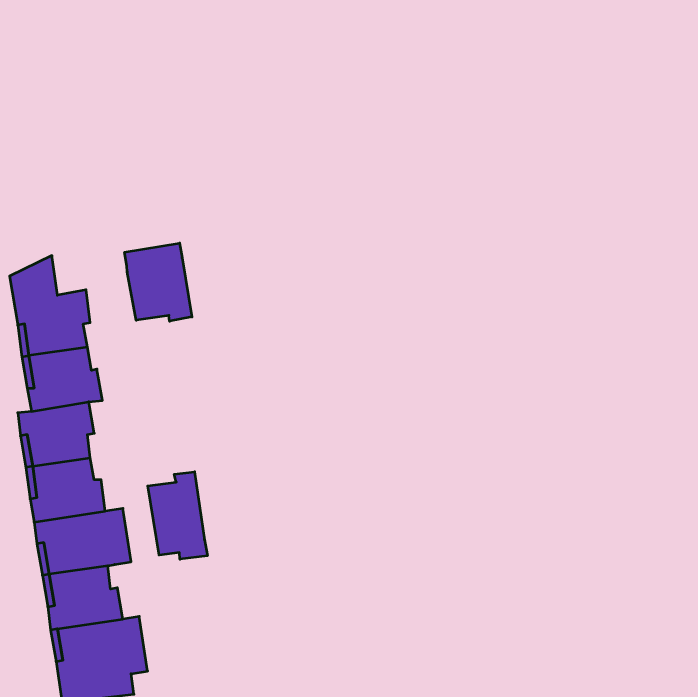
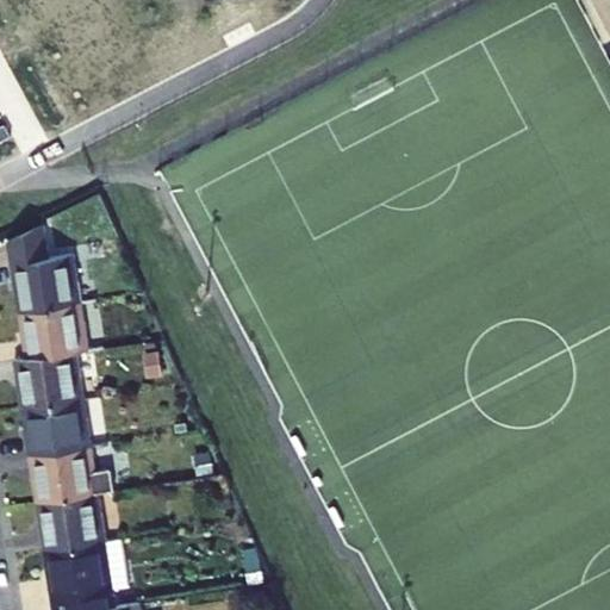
building: [125,243,192,321] -> none
building: [148,472,207,559] -> none

